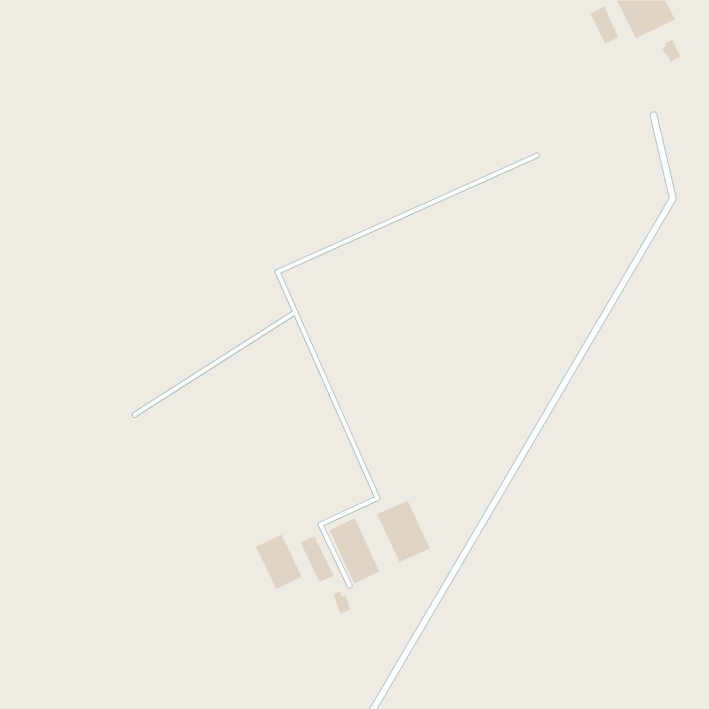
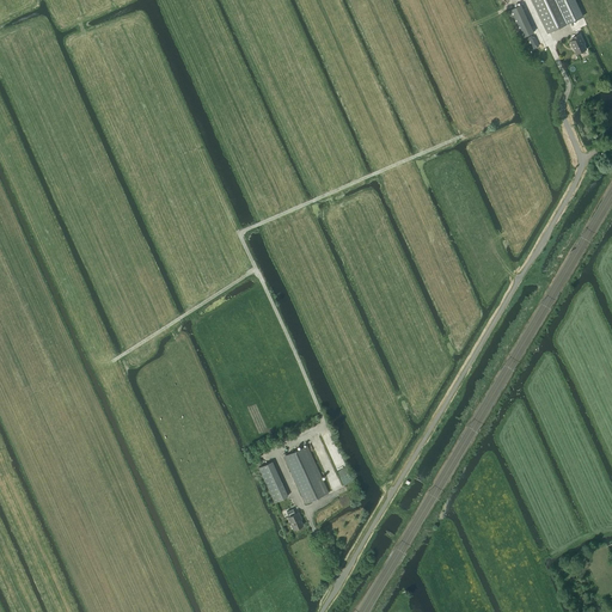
building: [376,500,430,563] -> none
building: [255,534,303,590] -> none

